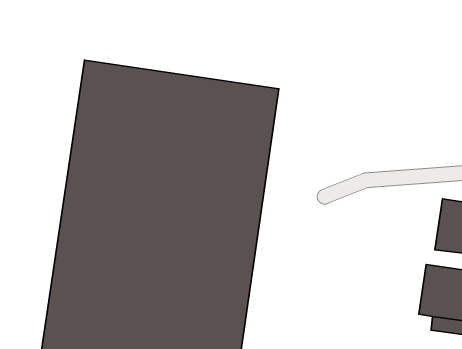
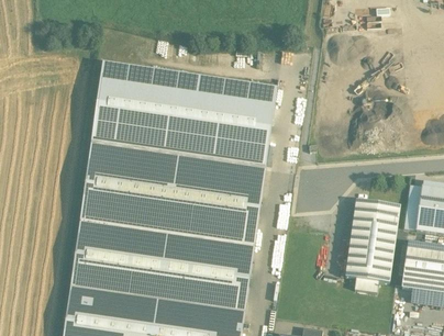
building: none -> [345,197,400,290]

